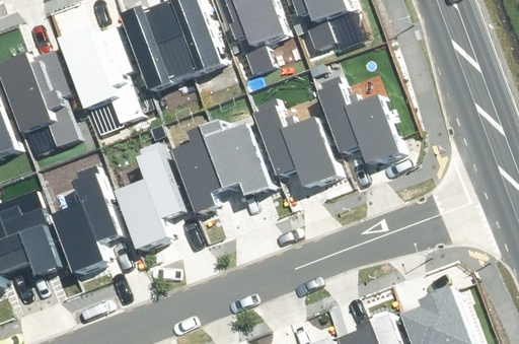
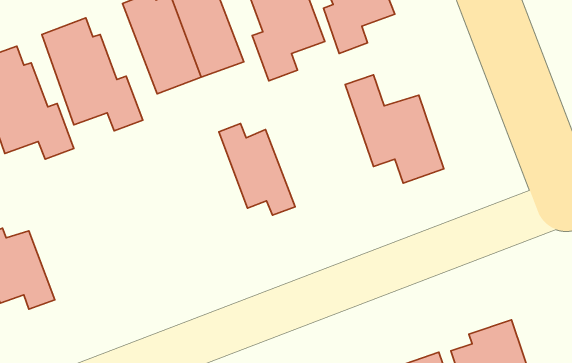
building: [251,93,336,186] -> none
building: [172,123,228,213] -> none
building: [113,143,180,252] -> none
building: [54,173,122,281] -> none

